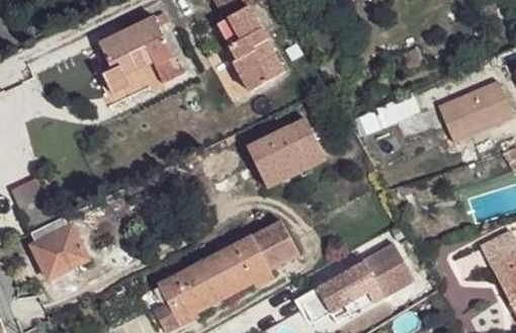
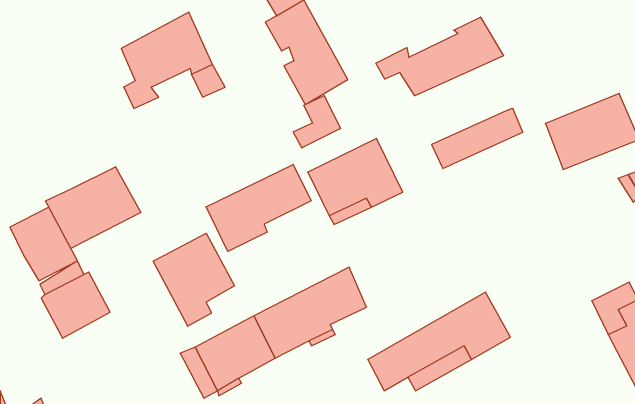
building: none -> [376,17,503,96]
building: none -> [293,95,340,148]
building: none -> [206,164,311,251]
building: none -> [45,167,141,249]
building: none -> [153,233,234,326]

